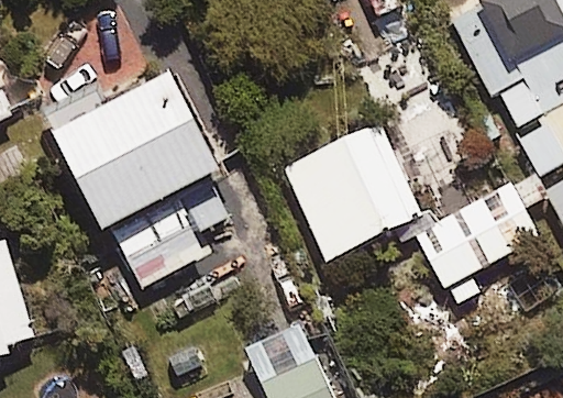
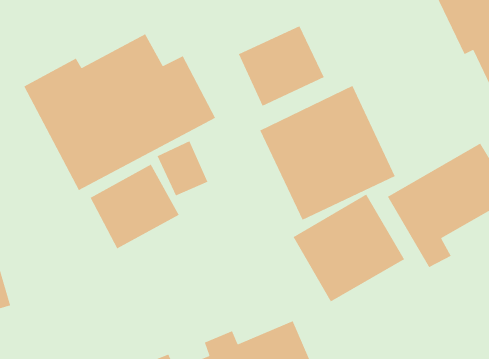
building: none -> [238,25,325,107]
building: none -> [293,193,405,302]

